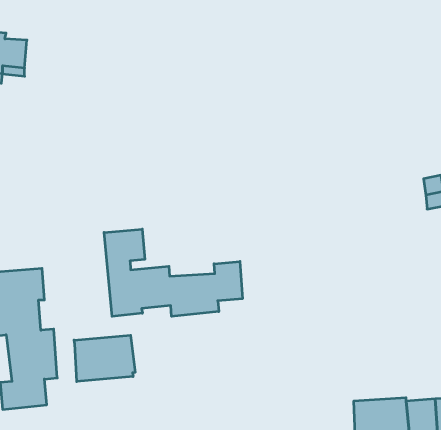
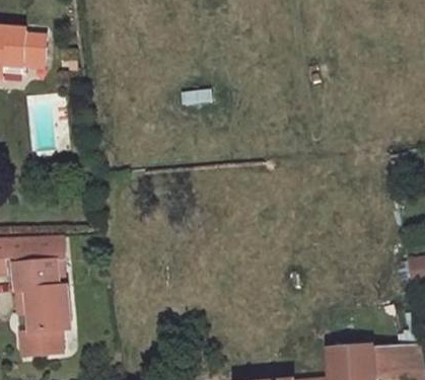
building: [104,229,242,316] -> none
building: [74,335,135,382] -> none

